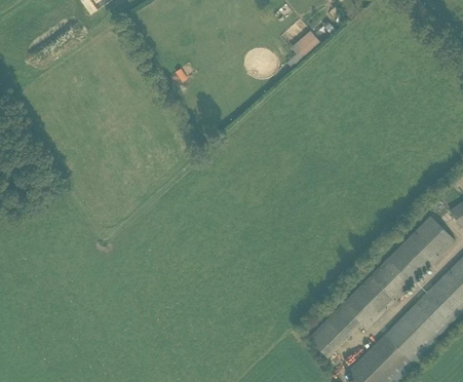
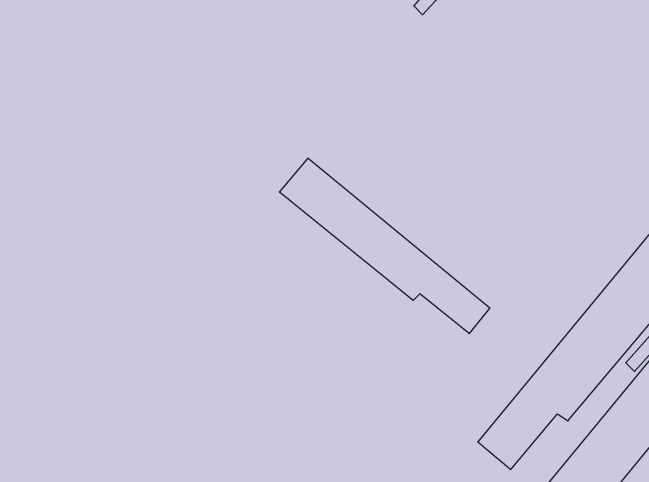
building: none -> [279,158,490,334]

